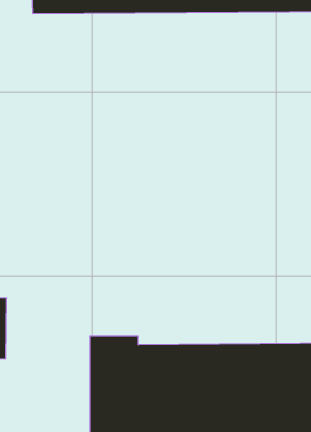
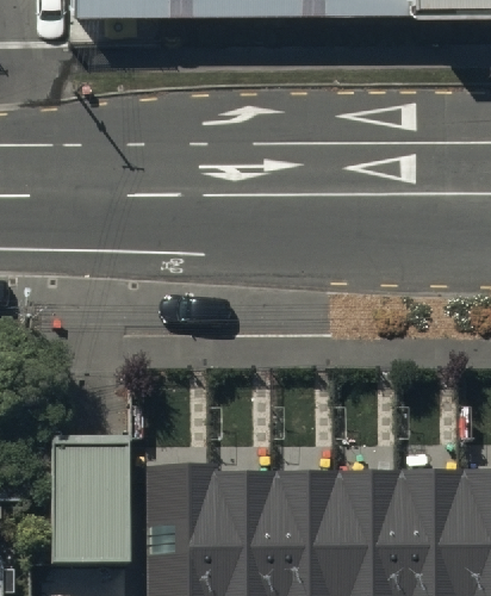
building: none -> [52,446,130,563]

